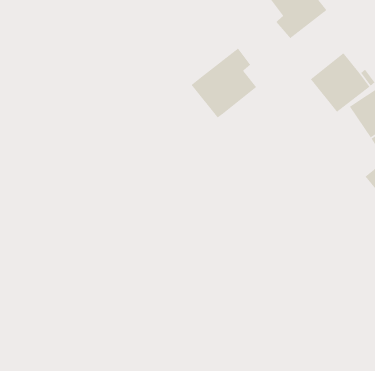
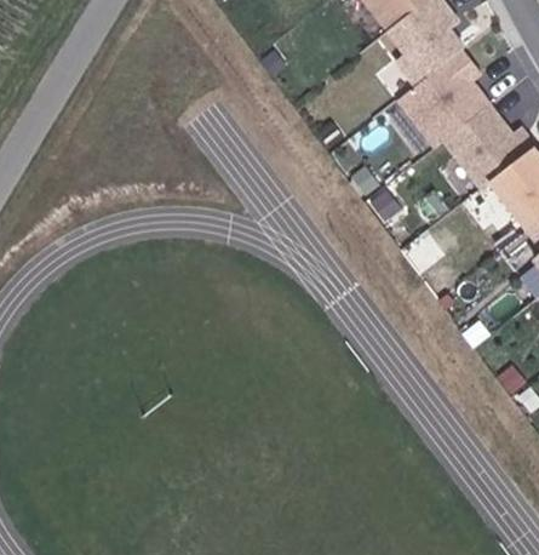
building: [191,48,257,118] -> [394,46,487,145]

